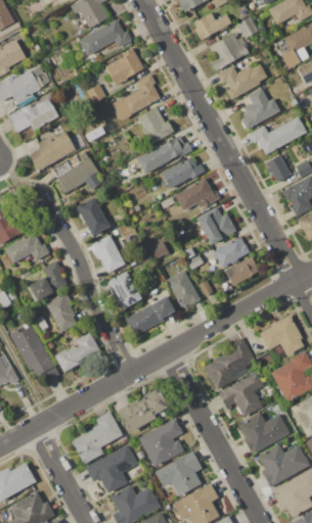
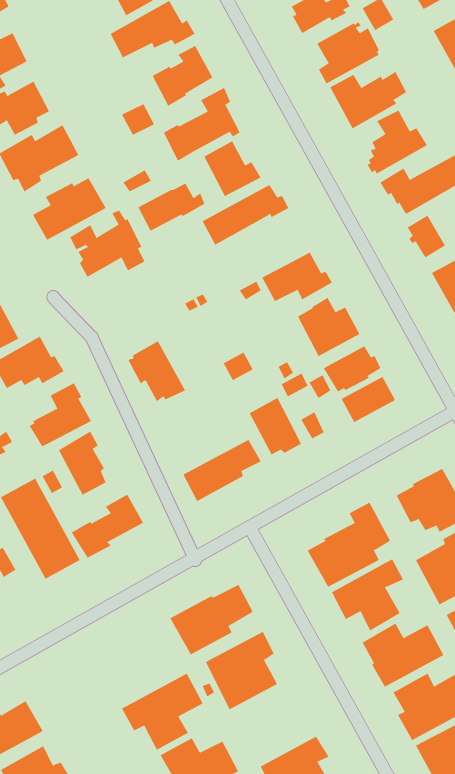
building: [162,157,205,188] -> [137,183,205,231]
building: [77,197,109,235] -> none
building: [107,271,142,308] -> none
building: [72,412,123,464] -> none
building: [155,450,203,497] -> none

